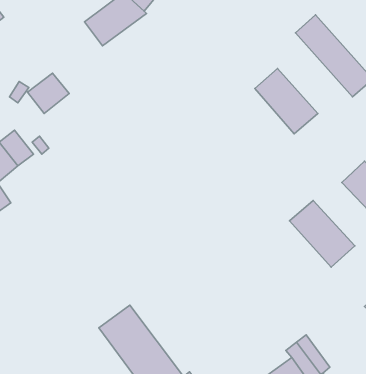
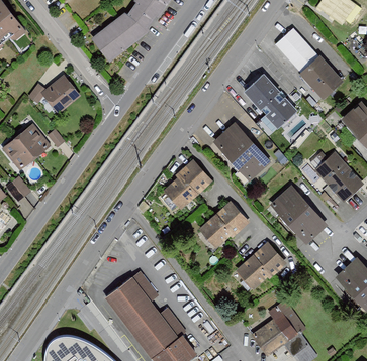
building: none -> [211,124,266,179]
building: none -> [160,160,209,209]
building: none -> [195,201,247,246]
building: none -> [233,242,283,287]

